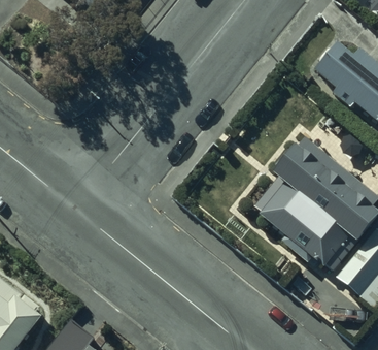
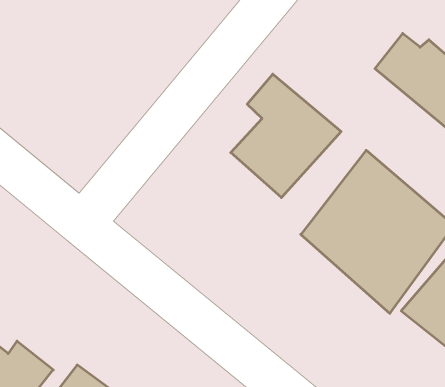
building: none -> [231,74,341,198]

